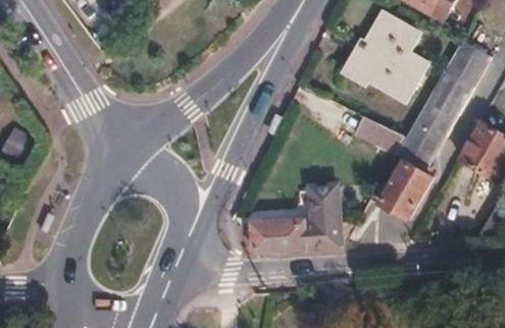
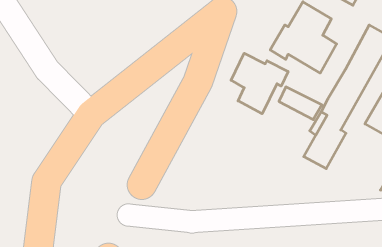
building: none -> [231,53,288,114]
building: [253,189,353,253] -> none

